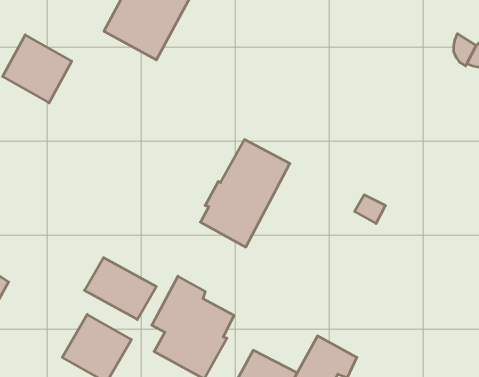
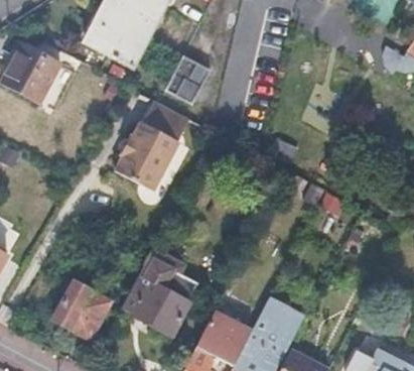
building: none -> [165,55,213,105]
building: [200,140,290,247] -> [115,98,190,189]
building: [84,258,156,320] -> none

